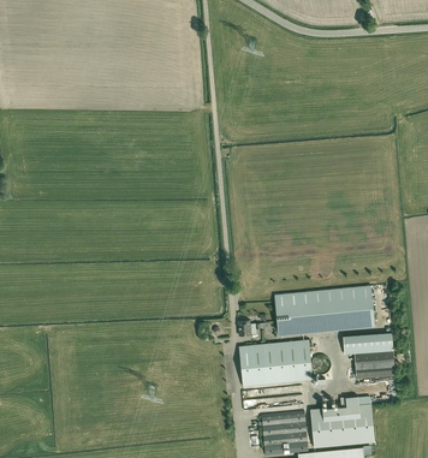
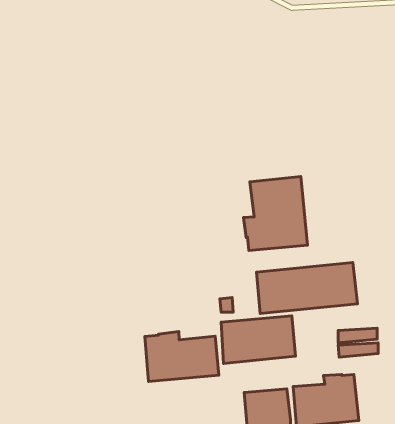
building: none -> [243,176,308,251]
building: [343,333,393,355] -> none
building: none -> [145,332,219,381]

